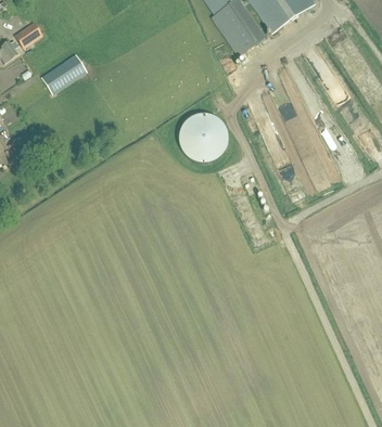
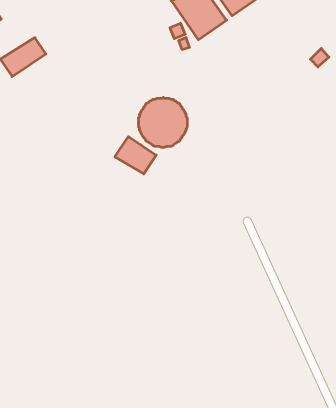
building: none -> [115,137,156,174]

